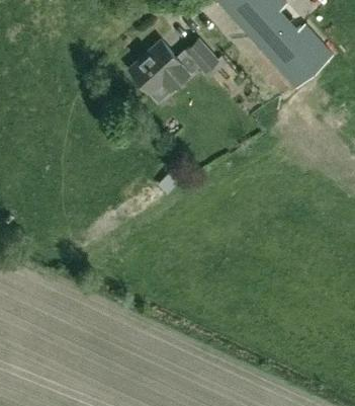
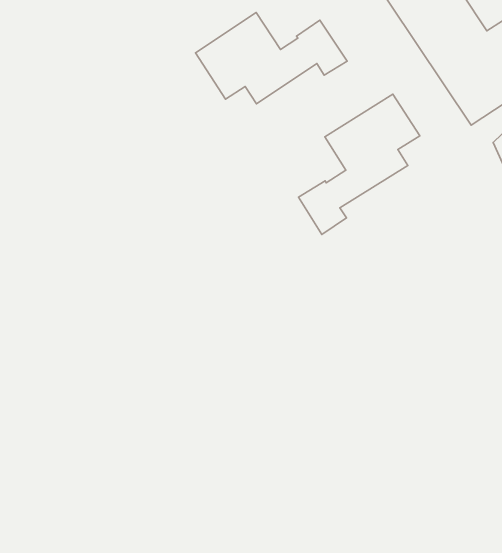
building: none -> [299,94,420,235]

